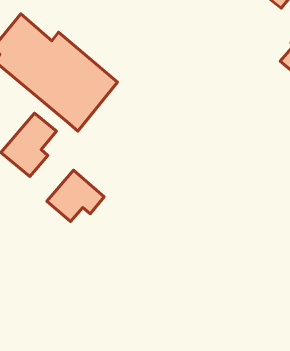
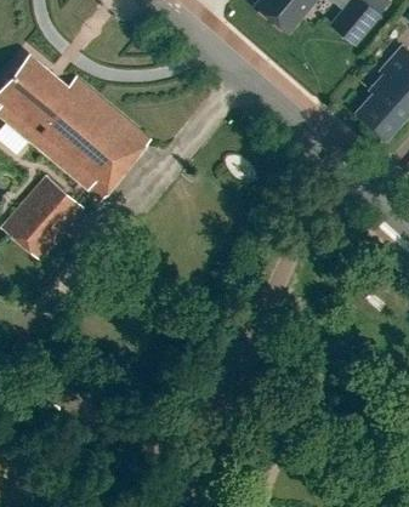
building: [47,170,104,222] -> none

